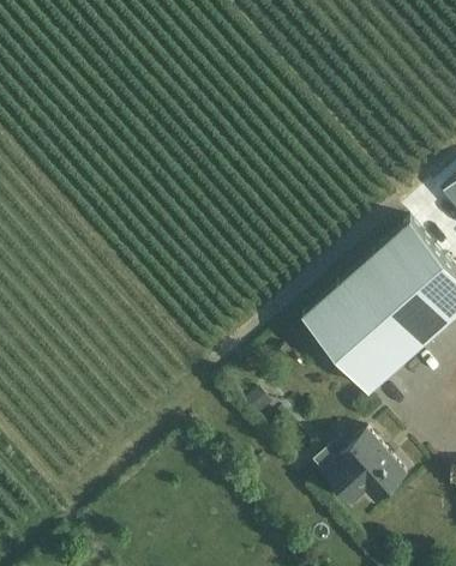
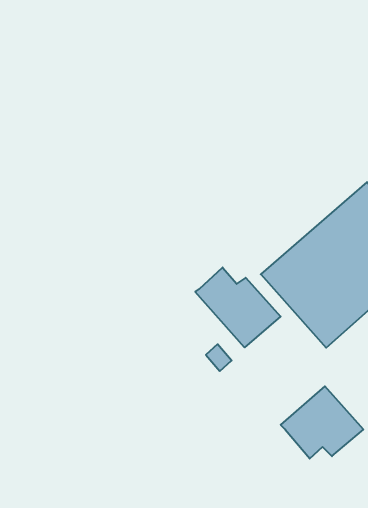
building: none -> [195,267,281,347]

